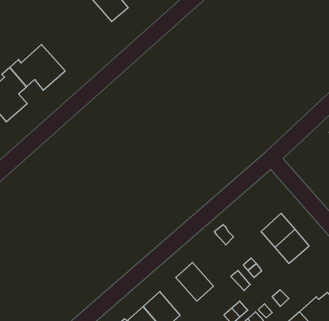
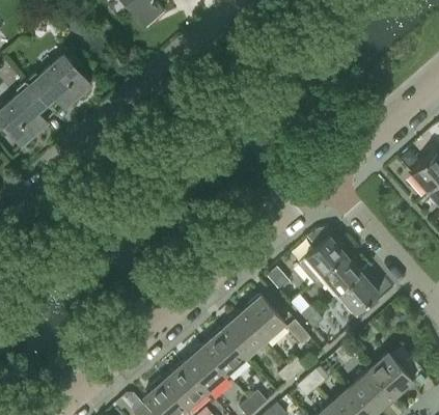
building: none -> [297,236,346,284]
building: none -> [241,296,285,340]
building: none -> [202,330,246,375]

